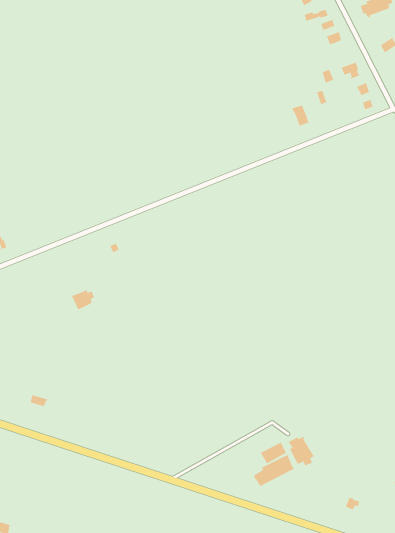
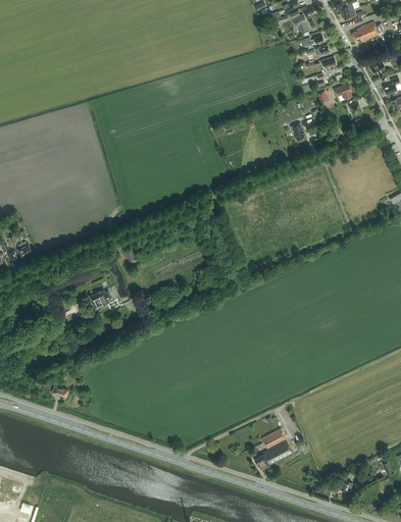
building: [288,436,314,467] -> none

